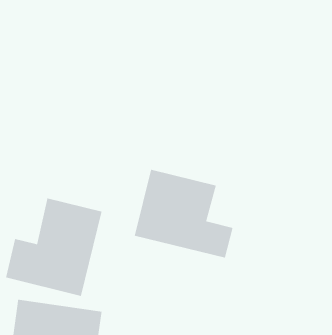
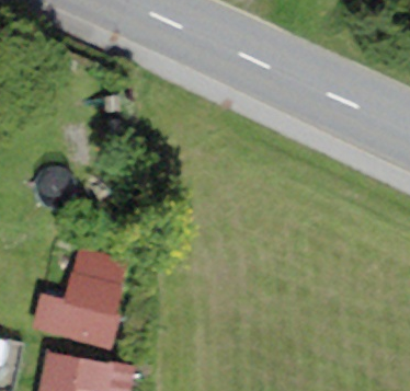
building: [134,169,233,258] -> none

